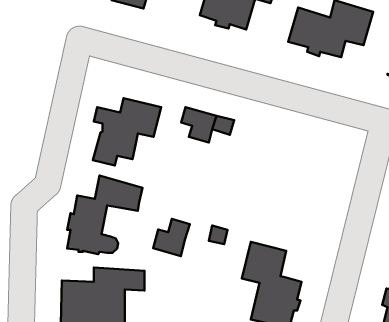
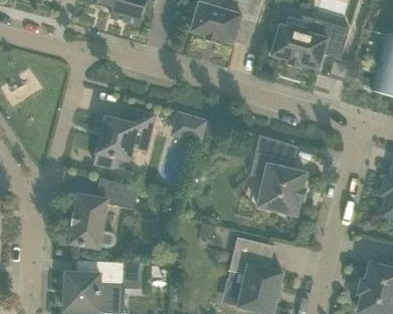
building: none -> [249,134,306,216]
building: [153,219,190,256] -> none

